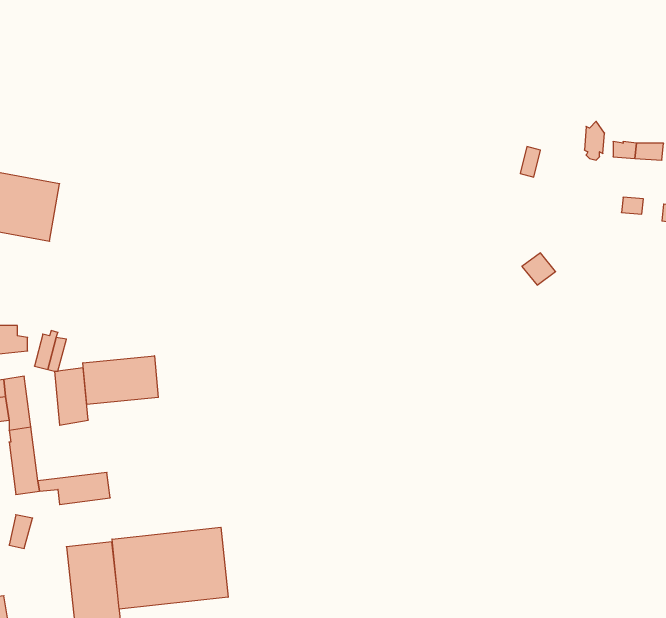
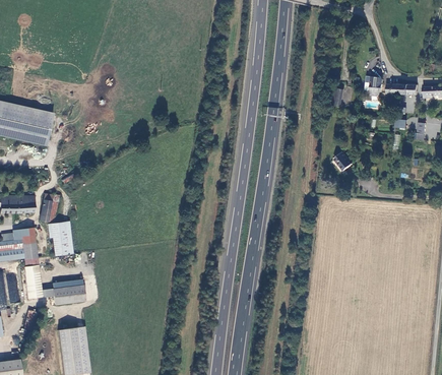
building: [83,356,158,404] -> none
building: [112,527,228,609] -> none

